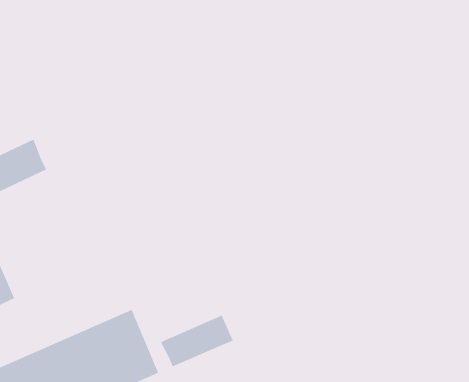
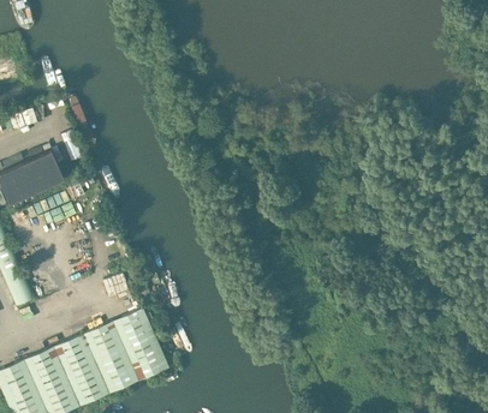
building: [161,315,234,368] -> none

